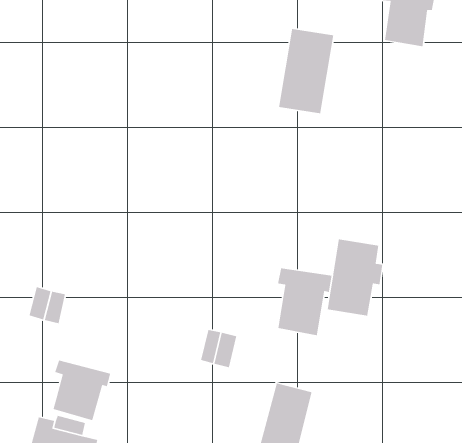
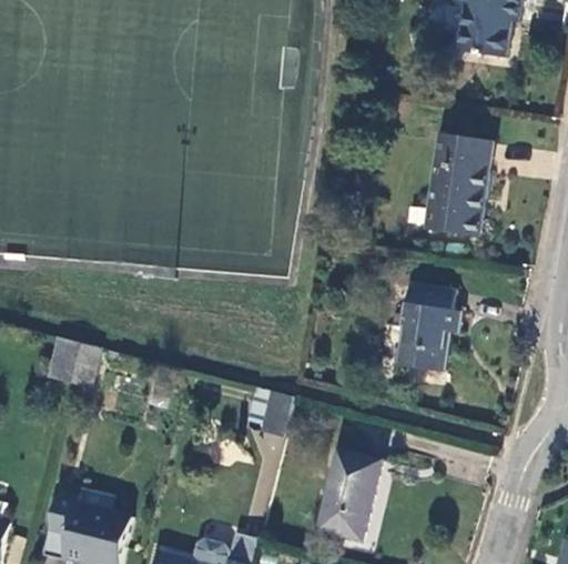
building: [278,28,334,114] -> [427,135,493,235]
building: [277,267,332,336] -> none
building: [52,360,111,421] -> none

